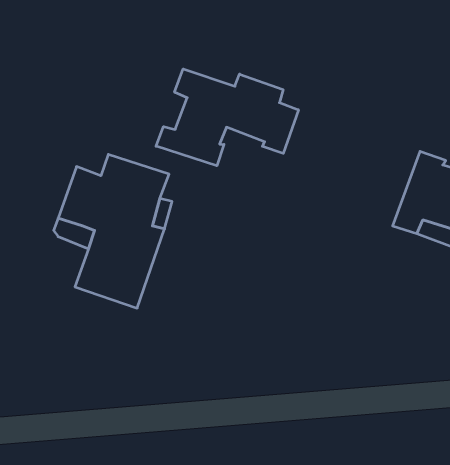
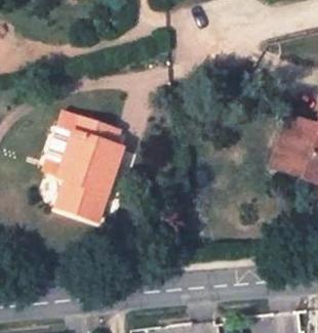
building: [156,69,298,166] -> none

